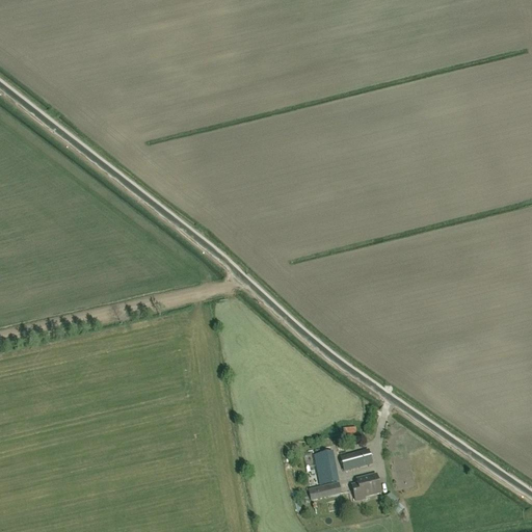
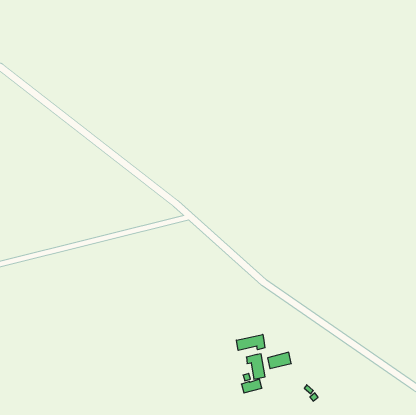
building: none -> [236,334,265,350]
building: [352,473,381,500] -> none

